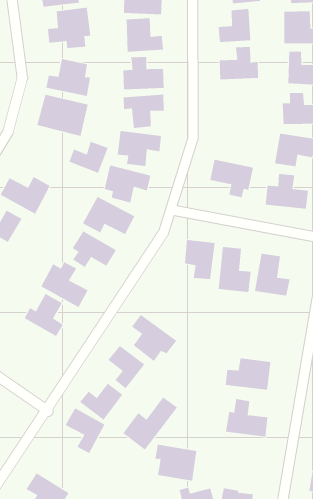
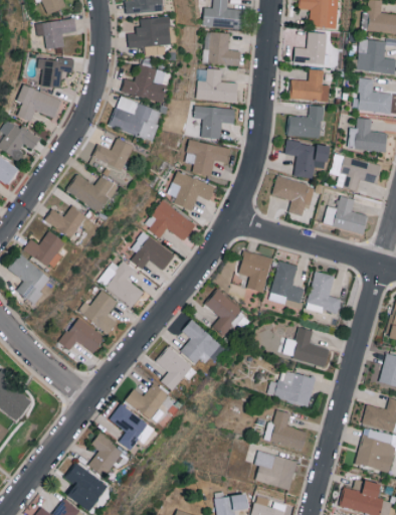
building: none -> [287,105,323,138]
building: none -> [284,140,329,178]
building: [68,141,108,174] -> [92,138,133,170]
building: none -> [205,290,251,337]
building: none -> [282,327,329,366]
building: none -> [59,317,105,353]
building: [122,397,178,451] -> none
building: none -> [87,433,122,472]
building: [155,444,197,481] -> [254,451,296,490]

